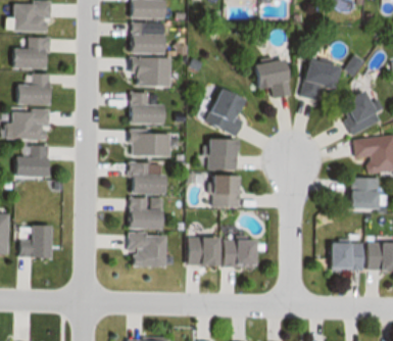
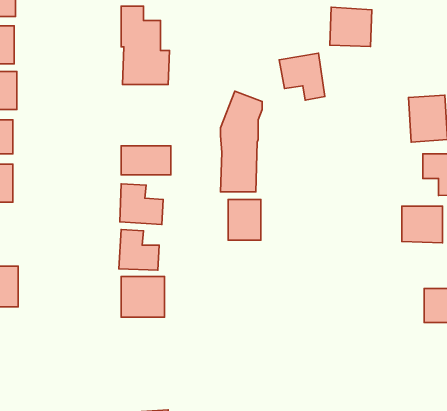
building: [306,61,339,92] -> [330,7,372,46]
building: [129,93,160,124] -> none
building: [187,237,256,269] -> none
building: [330,242,361,271] -> none

